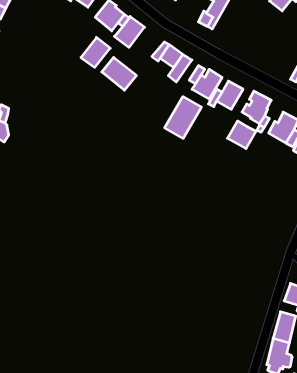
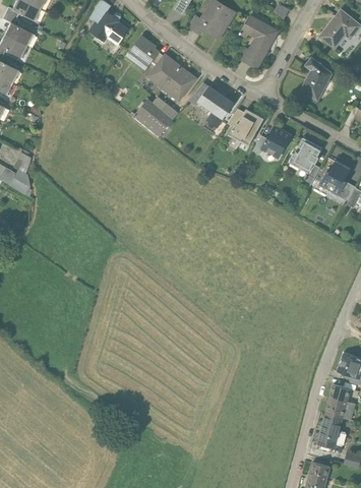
building: none -> [300,58,332,99]
building: [81,37,110,67] -> [164,66,196,100]
building: [165,97,201,138] -> none
building: [227,121,256,149] -> none

